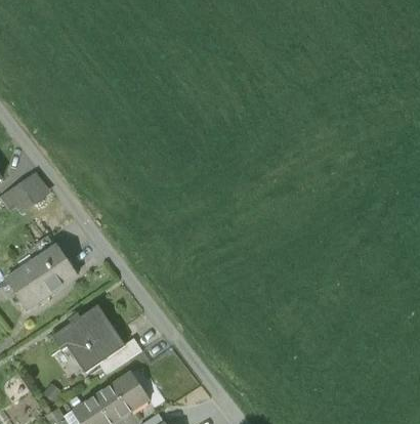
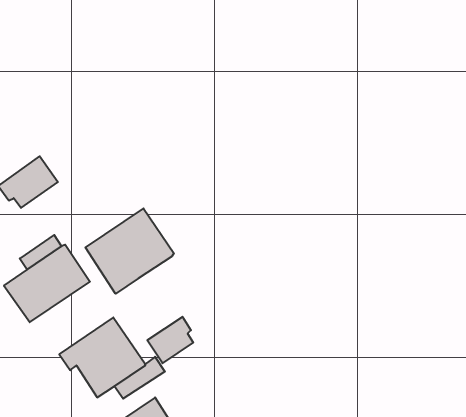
building: none -> [85,208,174,294]
building: none -> [147,317,193,363]

